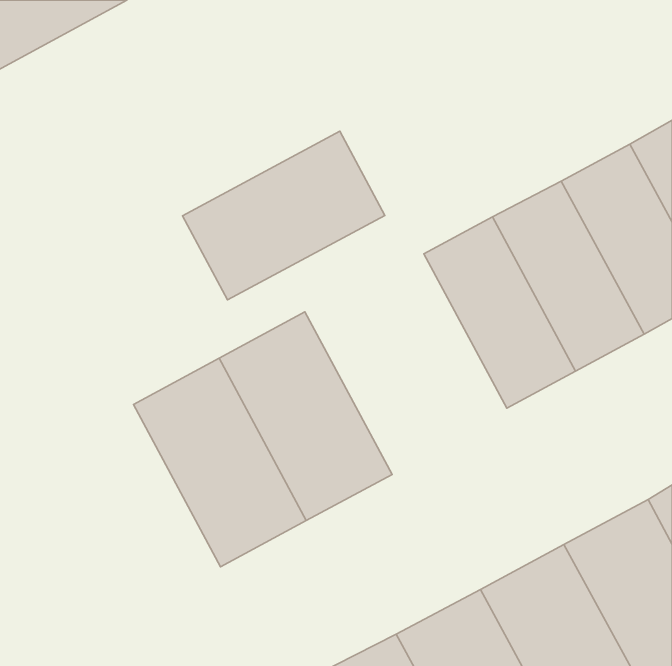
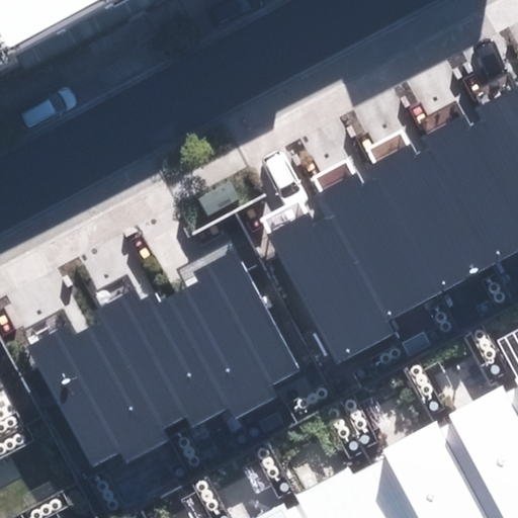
building: [182,131,385,300] -> none
building: none -> [272,201,388,348]
building: none -> [35,317,169,476]

